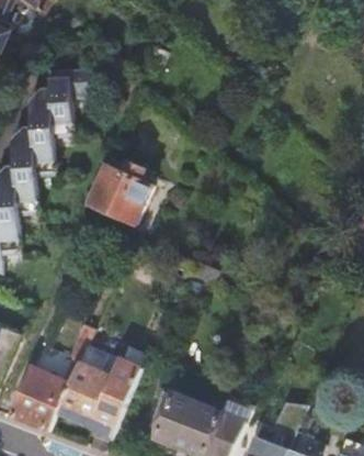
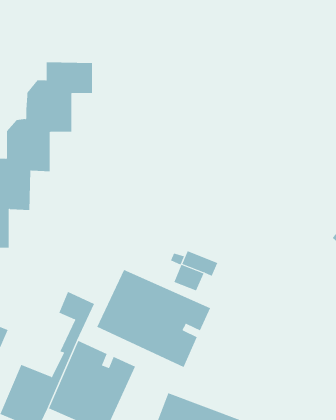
building: [87,164,151,225] -> none
building: none -> [97,269,211,368]

